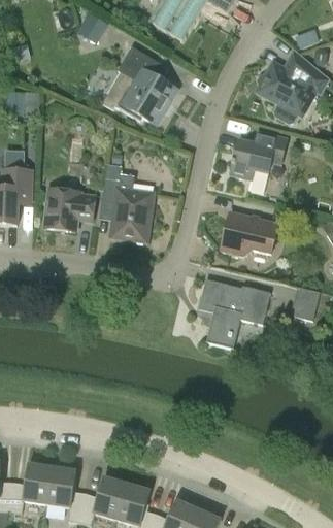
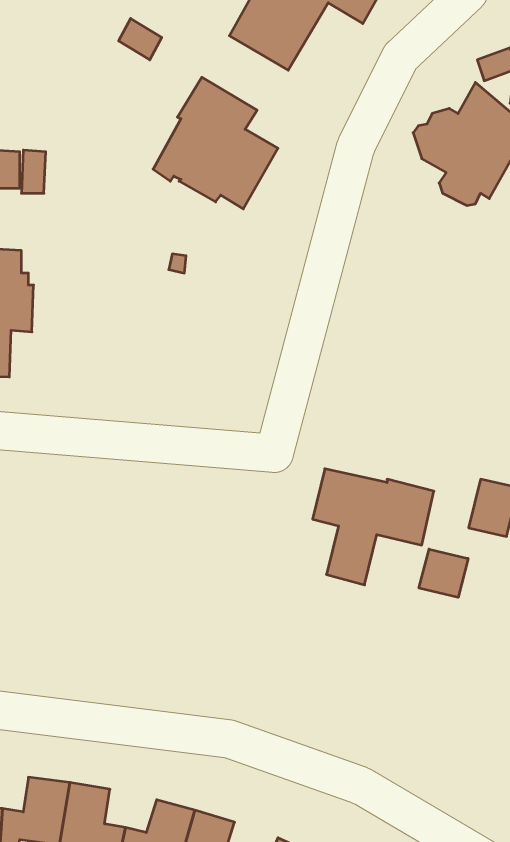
building: [230,132,286,179] -> none
building: [99,178,153,242] -> none
building: [43,188,94,231] -> none
building: [221,211,278,255] -> none
building: none -> [419,549,468,597]

